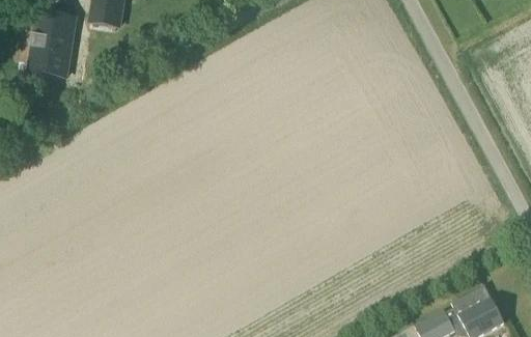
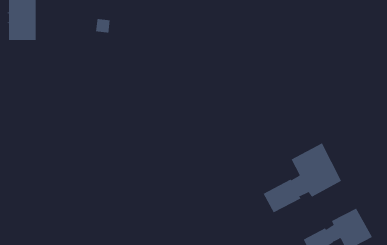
building: none -> [263,143,342,213]

